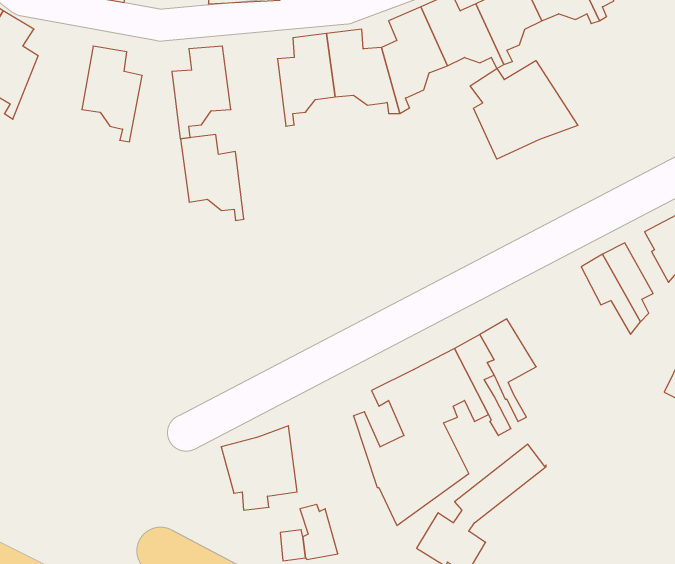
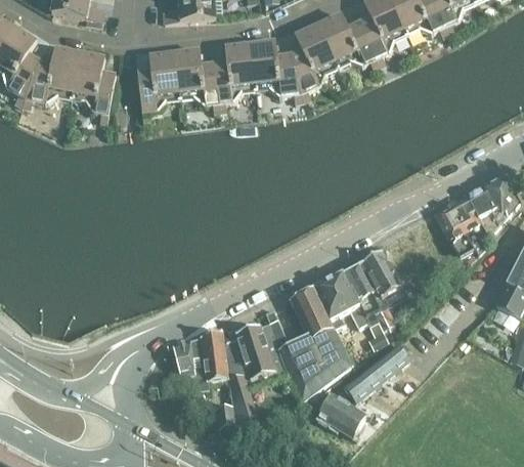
building: none -> [21,45,80,105]
building: [470,61,578,159] -> none
building: [181,135,244,220] -> [174,47,220,110]
building: none -> [467,185,498,234]
building: none -> [226,320,287,382]

